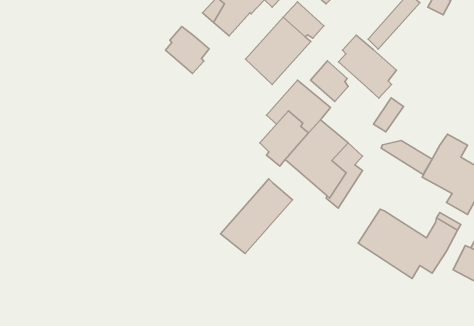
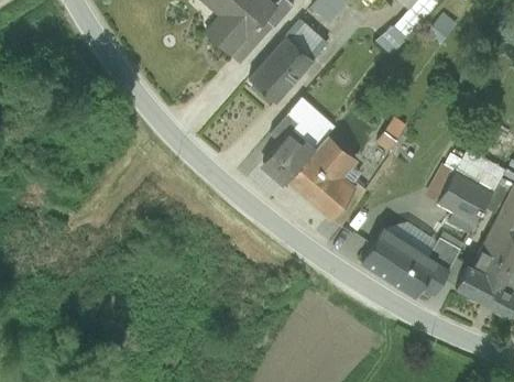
building: [165,26,209,74] -> none
building: [338,35,396,98] -> none
building: [311,61,348,101] -> none
building: [381,140,432,175] -> [386,221,437,255]
building: [220,179,292,254] -> none

